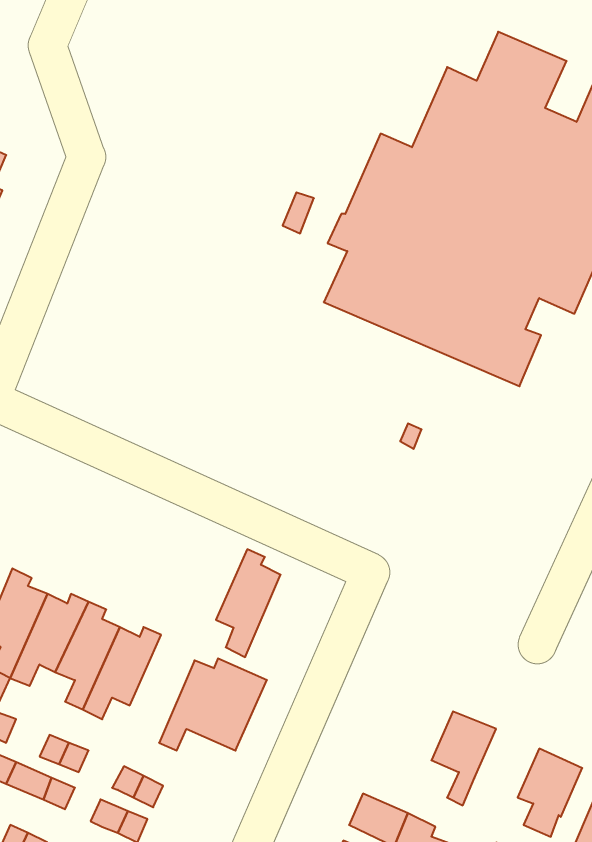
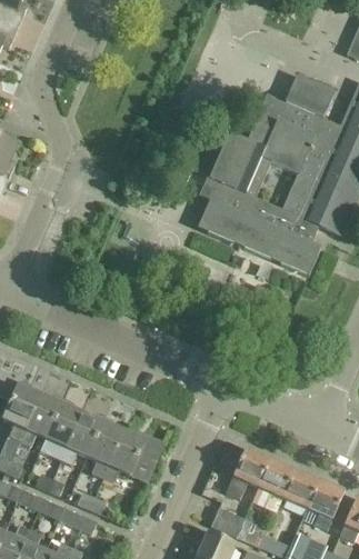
building: [216,549,281,657] -> [87,416,123,477]
building: none -> [226,447,270,498]
building: none -> [282,469,319,508]

